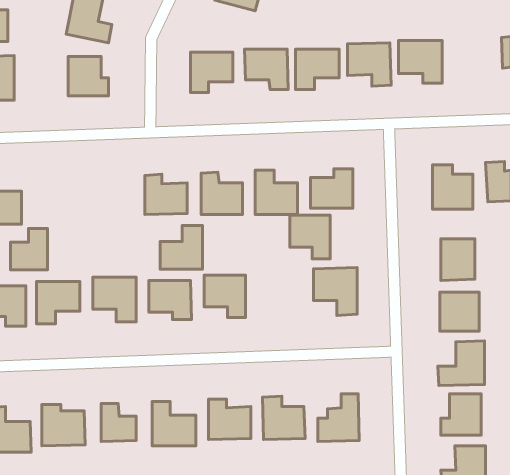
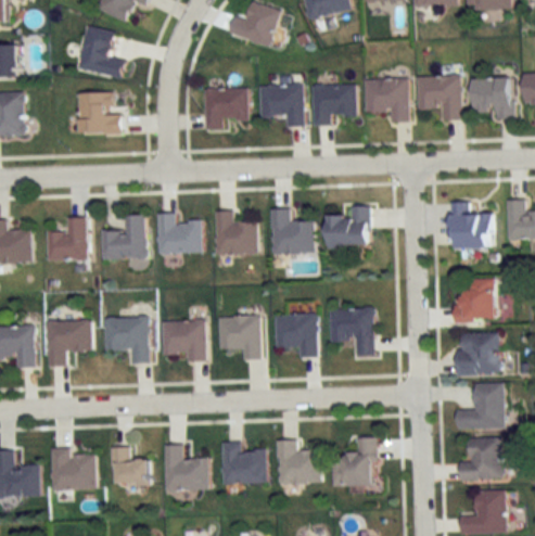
building: none -> [471,77,513,118]
building: [290,215,330,259] -> [276,314,317,358]
building: [160,226,202,269] -> [101,215,144,259]
building: [10,229,48,270] -> [48,218,86,260]

